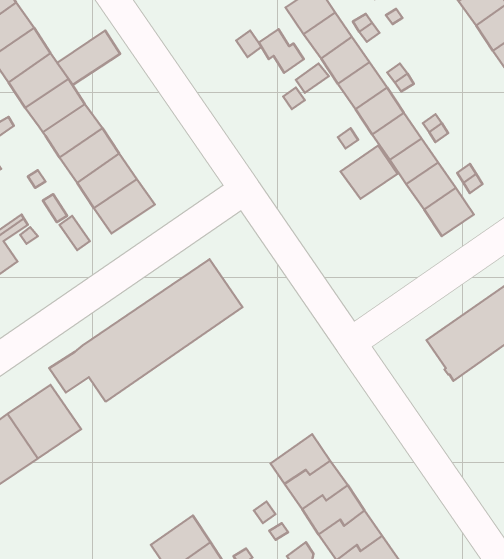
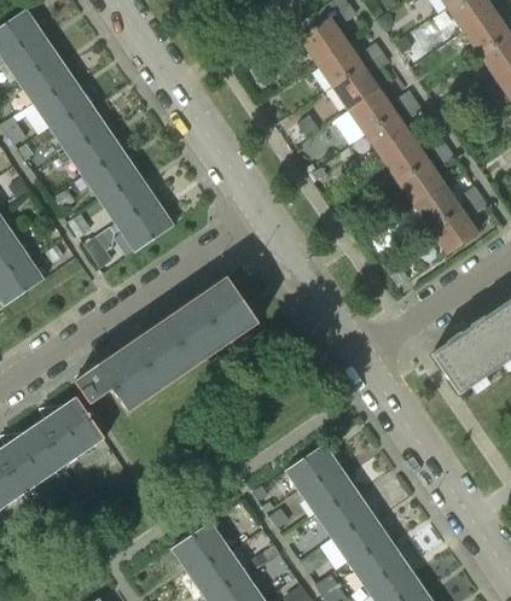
building: [259,29,304,73] -> none
building: [57,31,120,85] -> none
building: [341,145,397,199] -> none

